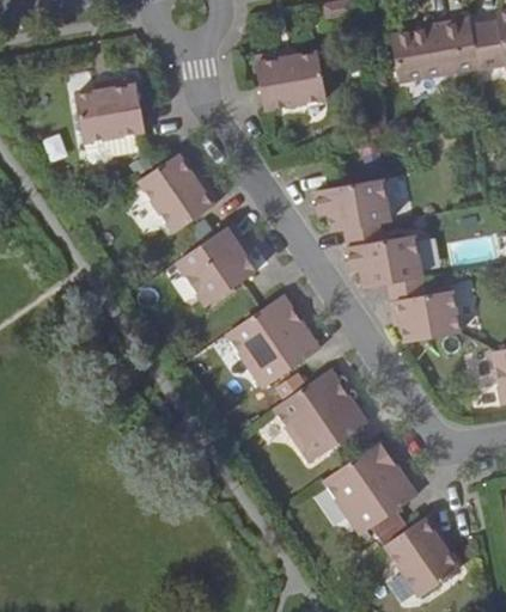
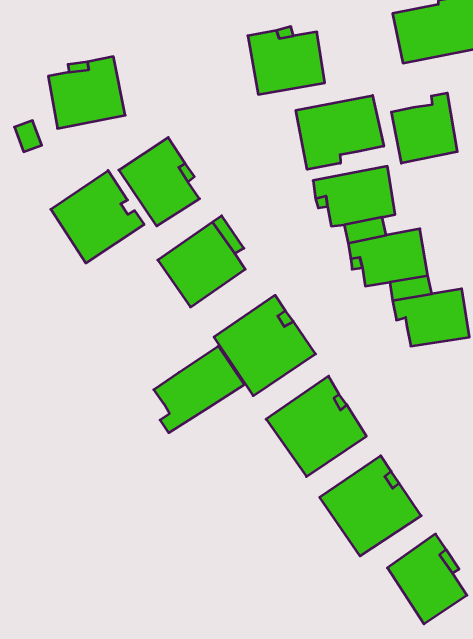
building: none -> [391,93,457,163]
building: none -> [296,95,384,169]
building: none -> [51,170,144,263]
building: none -> [154,346,244,433]

